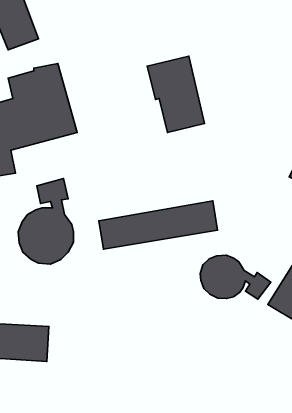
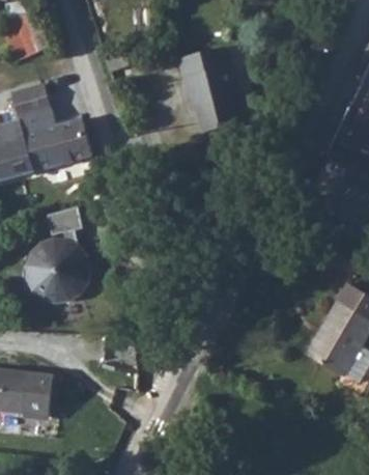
building: [99,201,218,249] -> none
building: [200,255,271,299] -> none

